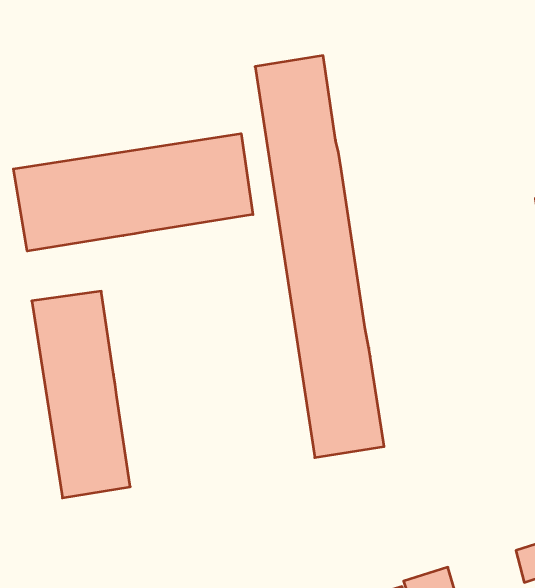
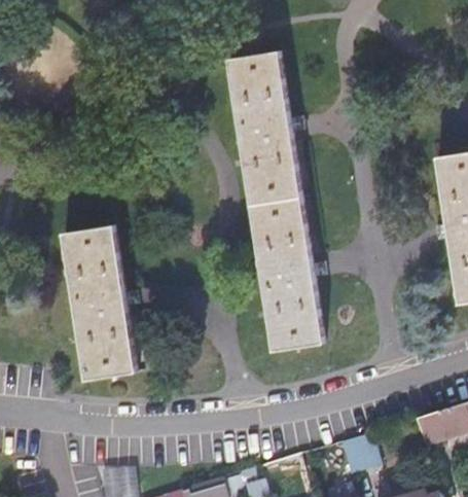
building: [13,134,253,251] -> none

